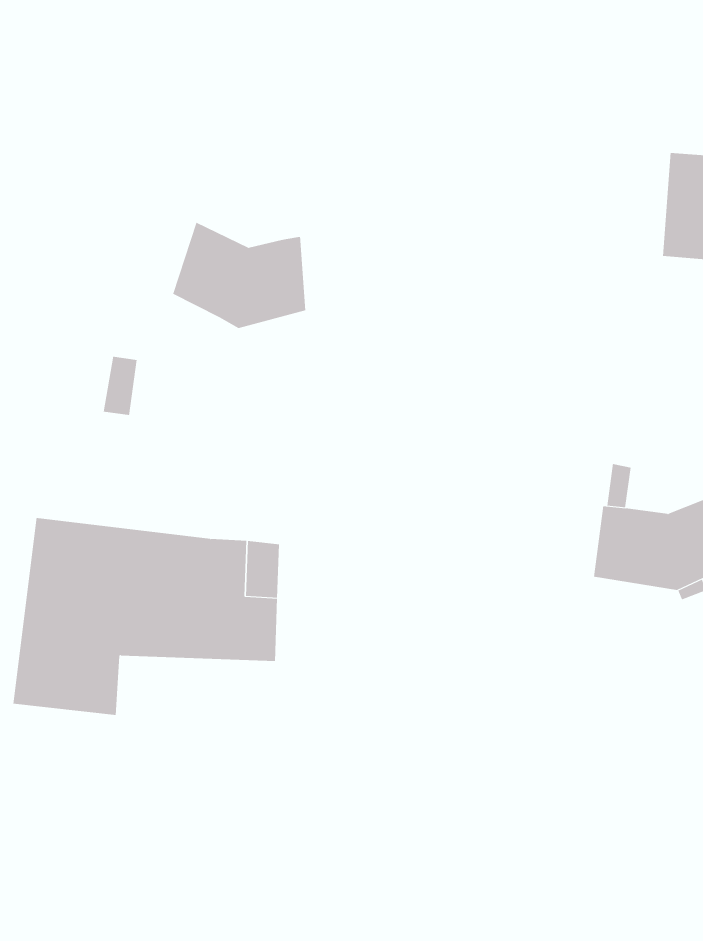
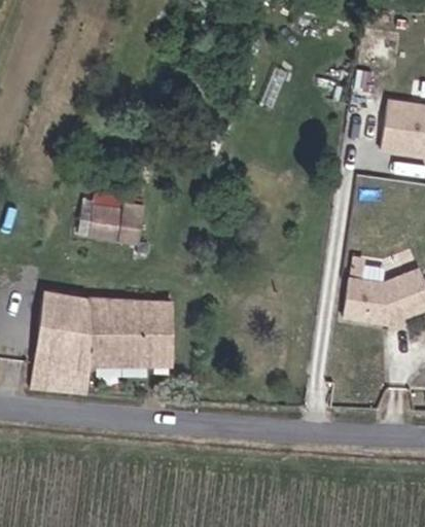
building: [173,222,306,329] -> none
building: none -> [95,205,130,239]

